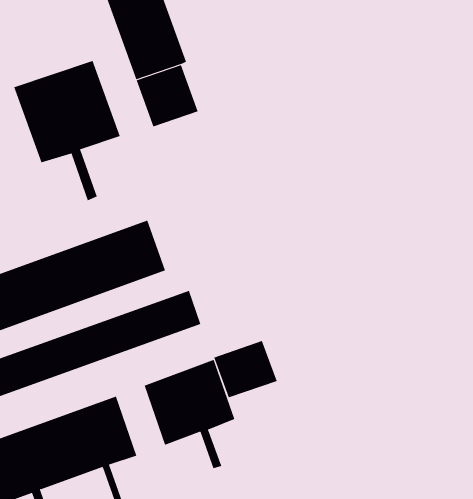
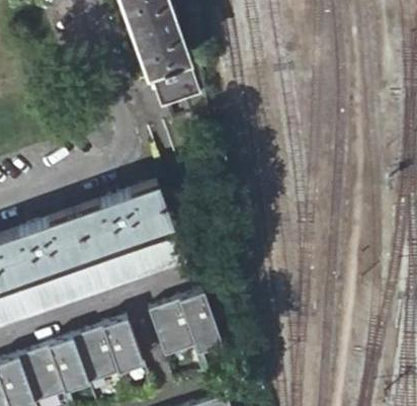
building: [13,60,121,201] -> none
building: [213,340,277,398] -> none

